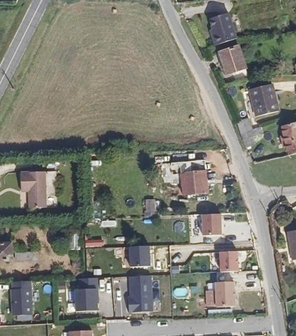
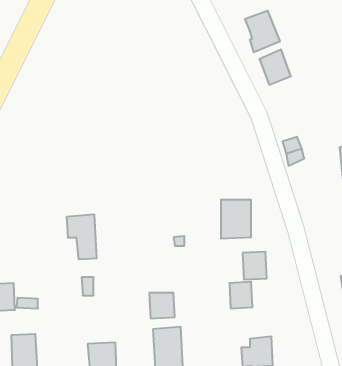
building: [251,85,277,116] -> none
building: [16,172,41,209] -> [67,214,97,259]
building: [219,250,238,272] -> [229,282,252,308]

